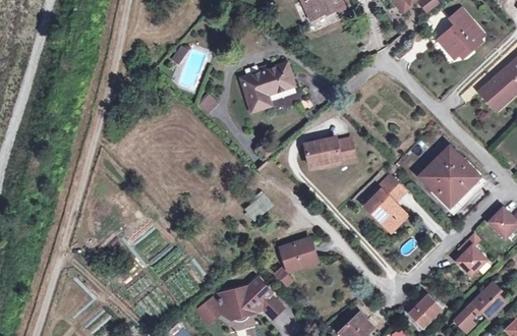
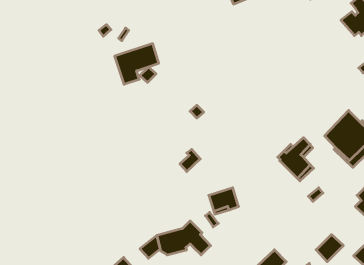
building: [241,62,294,111] -> [115,44,159,84]
building: [304,137,355,165] -> none

